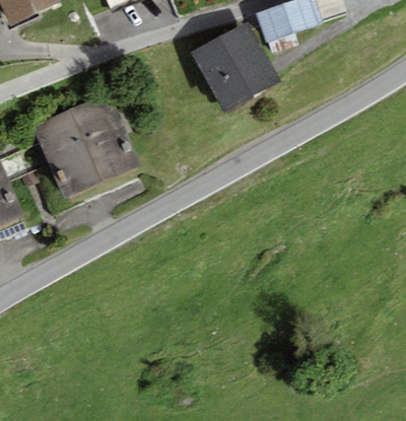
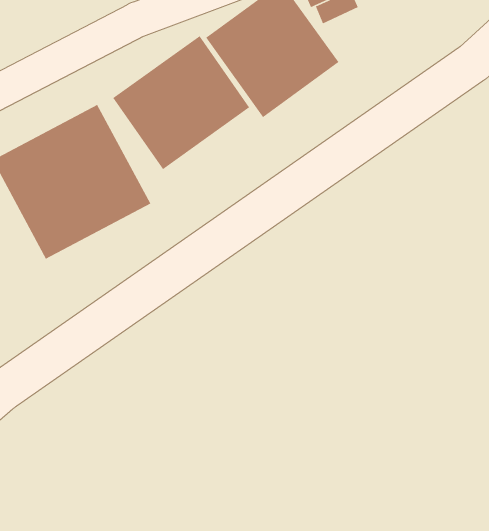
building: none -> [112,35,250,170]

